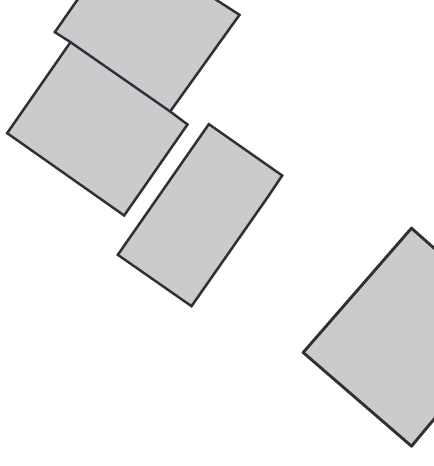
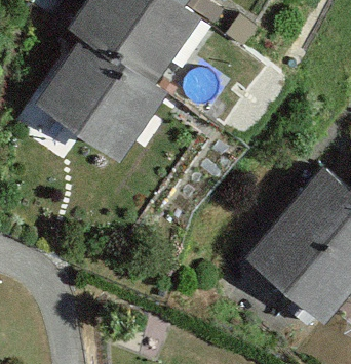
building: [118,124,282,306] -> none

